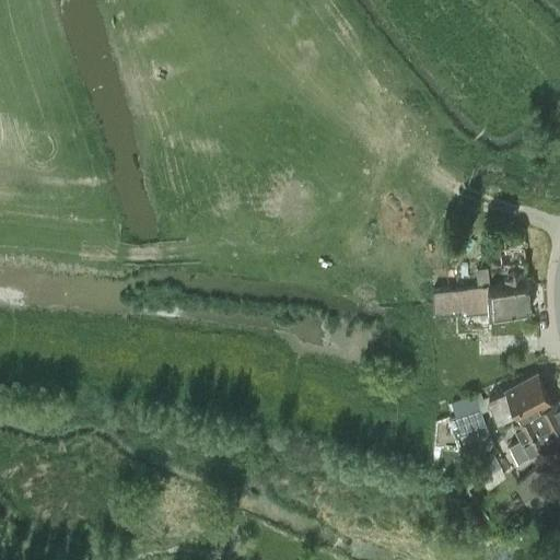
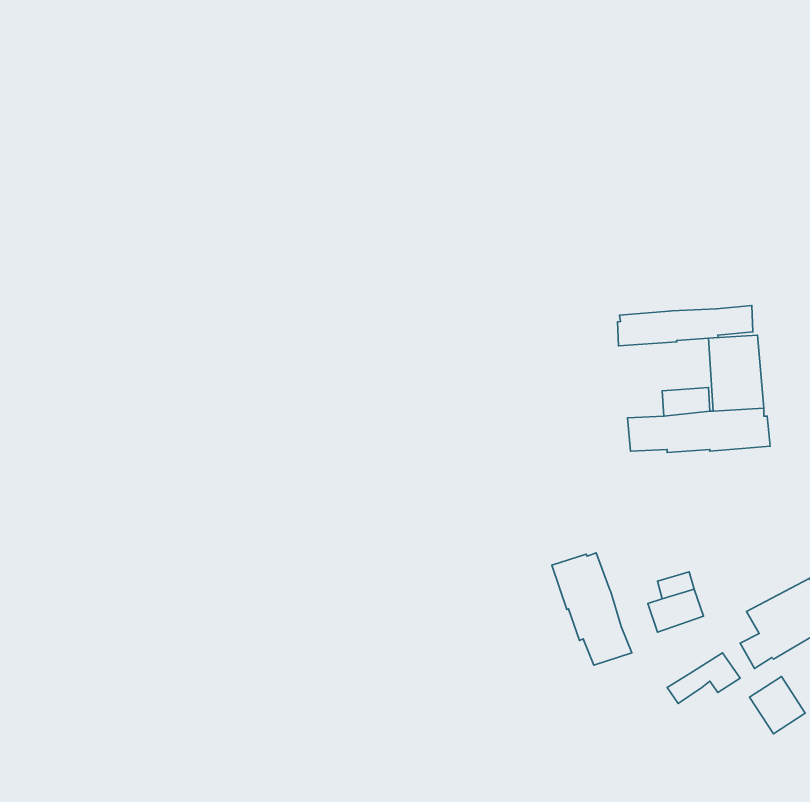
building: none -> [618,305,753,346]
building: [489,377,552,425] -> none
building: none -> [552,553,632,665]

